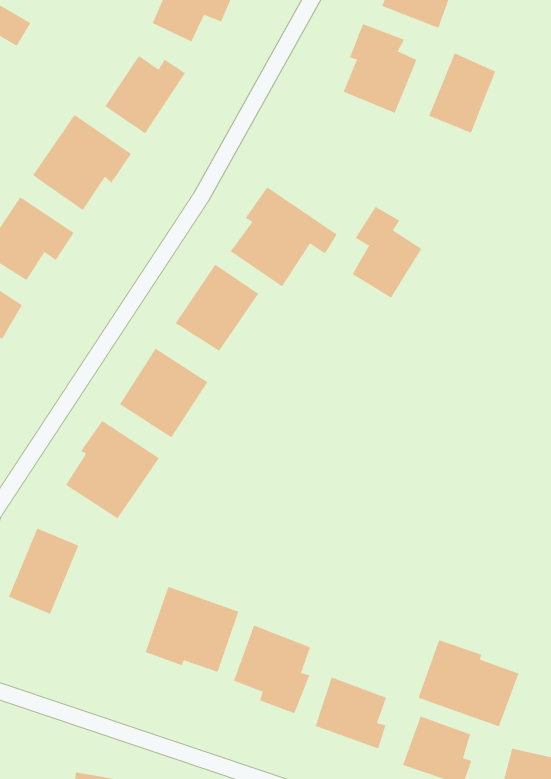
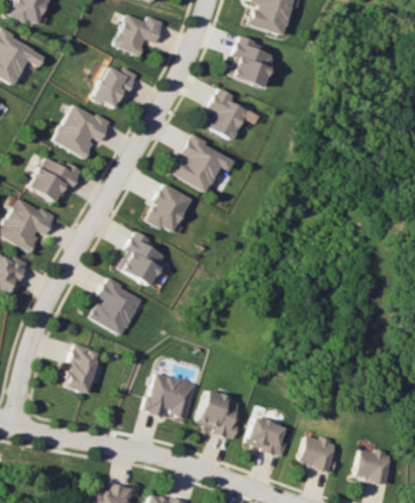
building: [429,53,496,134] -> none
building: [352,206,422,298] -> [208,88,247,140]
building: [418,639,519,727] -> none

